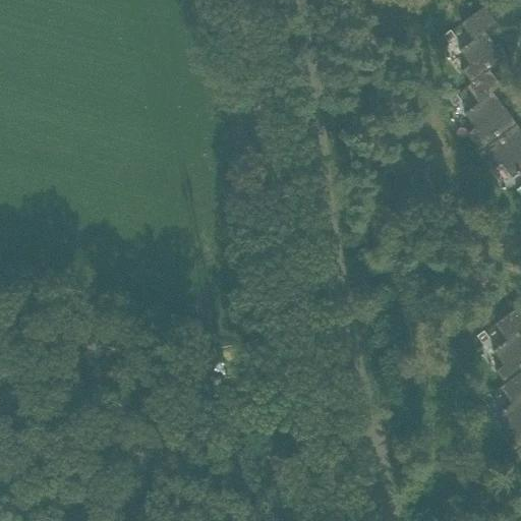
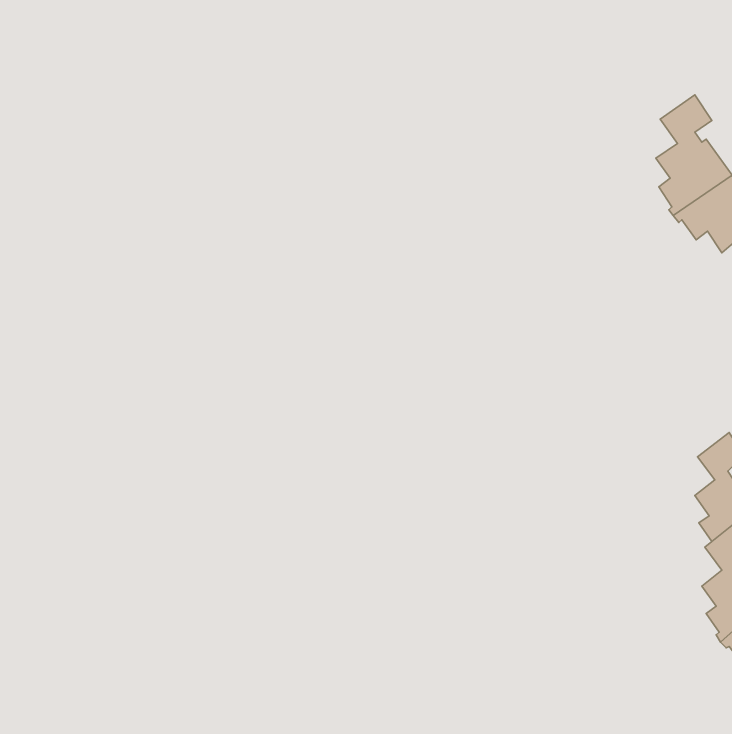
building: [458,6,508,84] -> none

